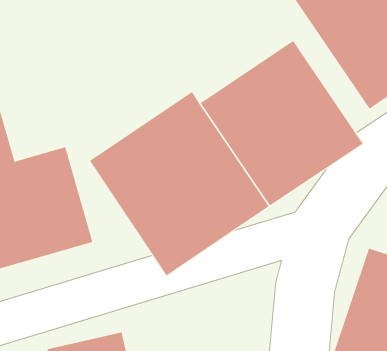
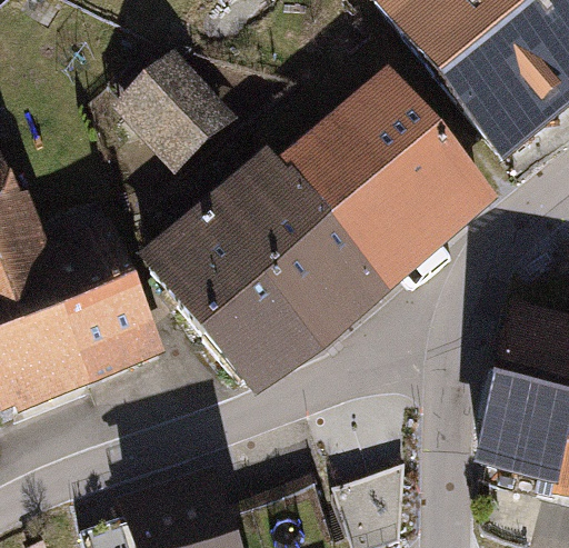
building: none -> [110,49,234,173]

